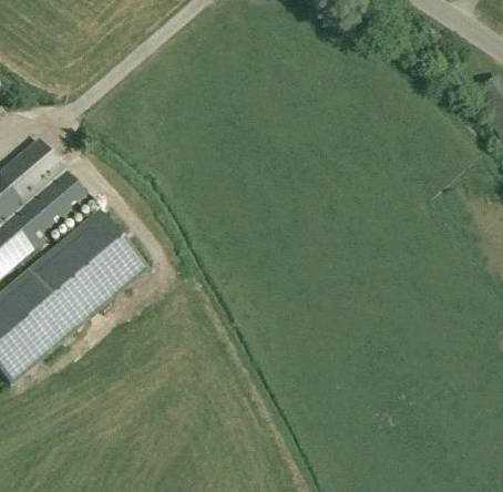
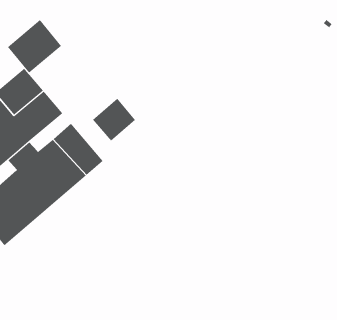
building: none -> [7,19,62,74]
building: none -> [92,98,136,142]

